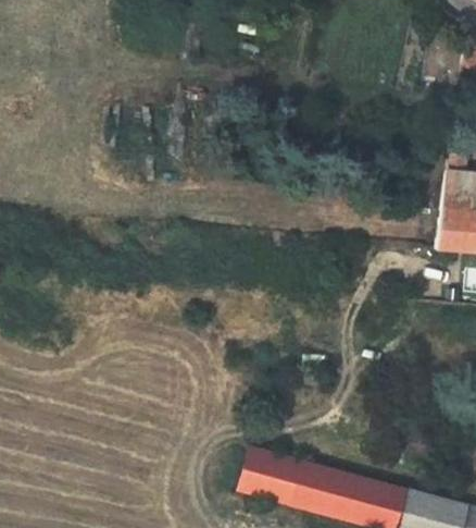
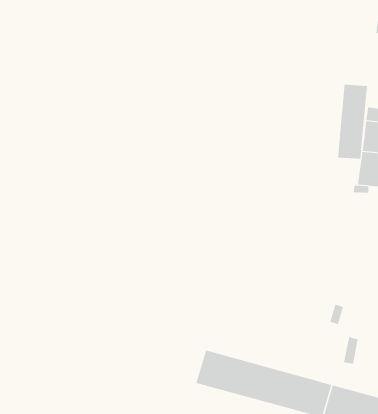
building: none -> [337,84,368,159]

